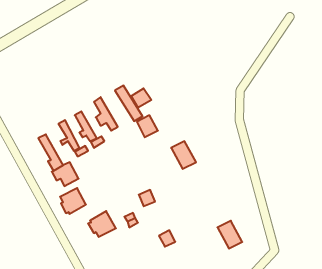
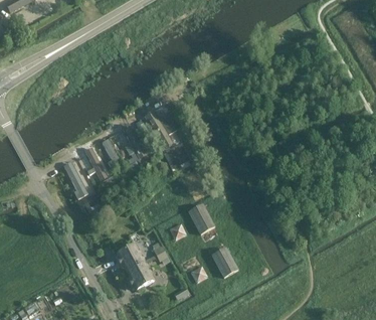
building: [171,141,196,169] -> [188,204,214,233]
building: [60,188,86,214] -> [127,262,154,289]
building: [217,221,242,249] -> [211,248,237,277]

